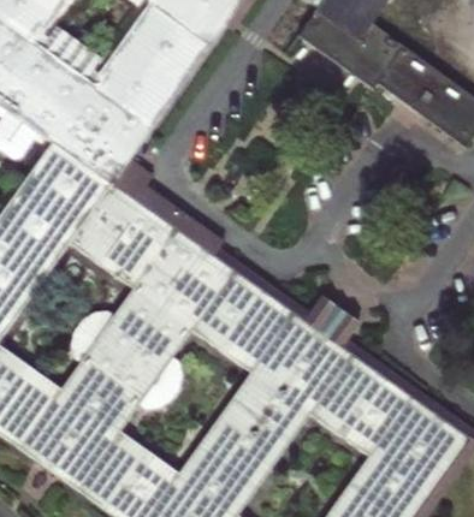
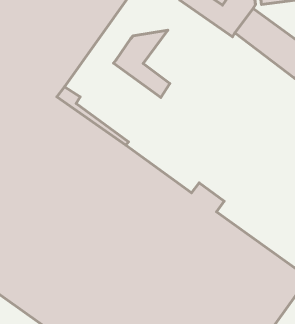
building: none -> [114,30,170,98]

